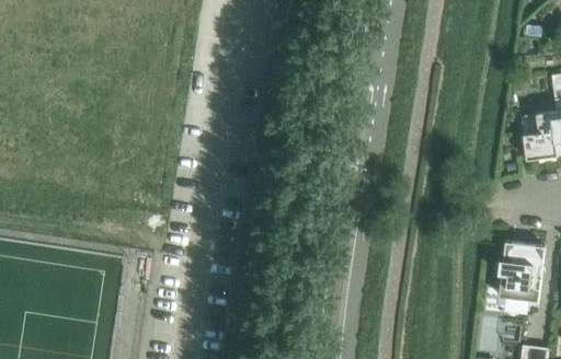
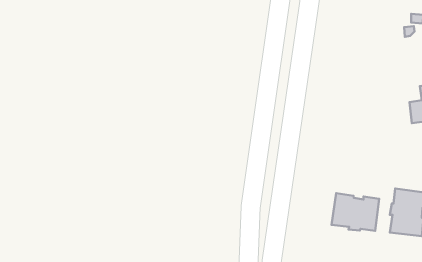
building: none -> [332,193,379,231]

